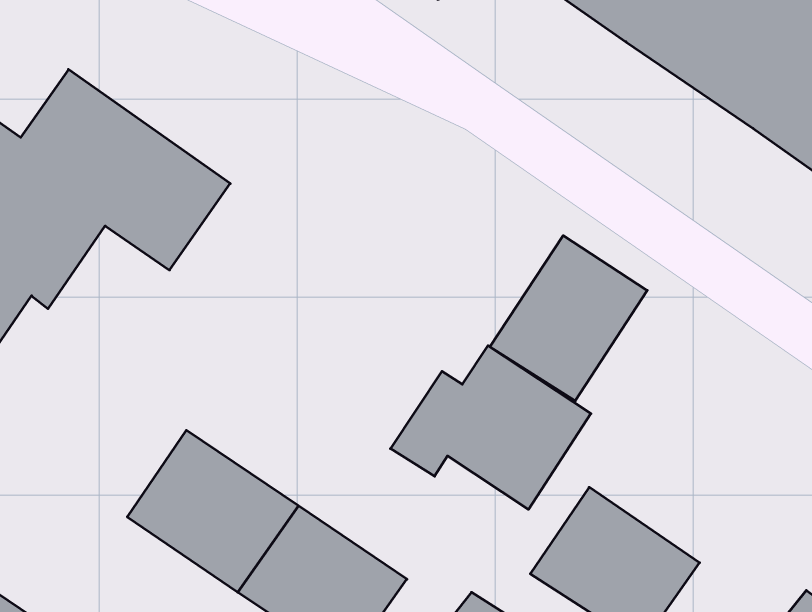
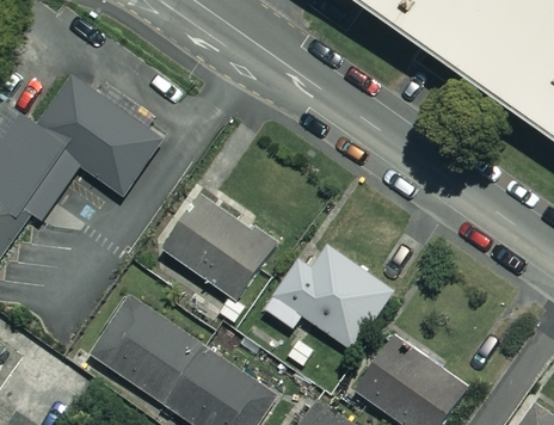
building: [490,236,647,401] -> none
building: none -> [166,195,276,324]

